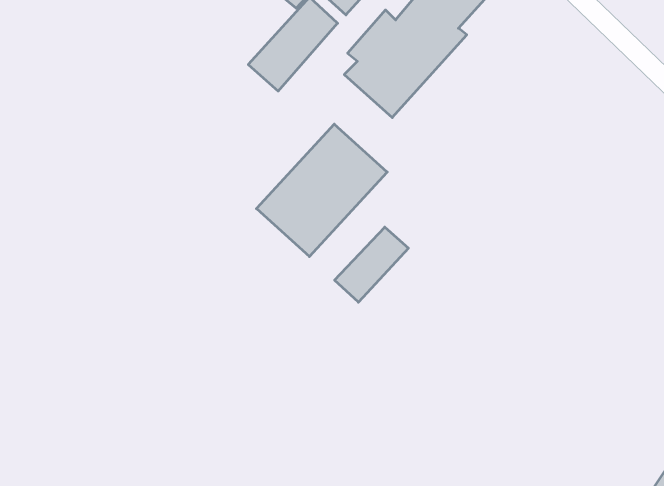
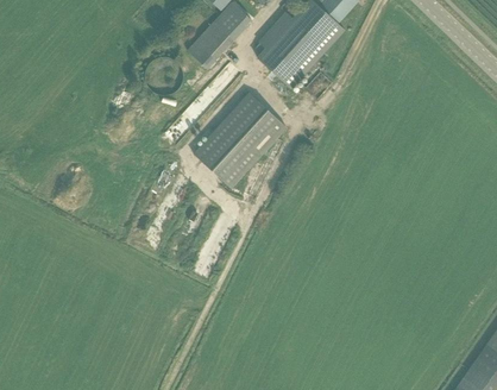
building: [335,227,408,302] -> none

